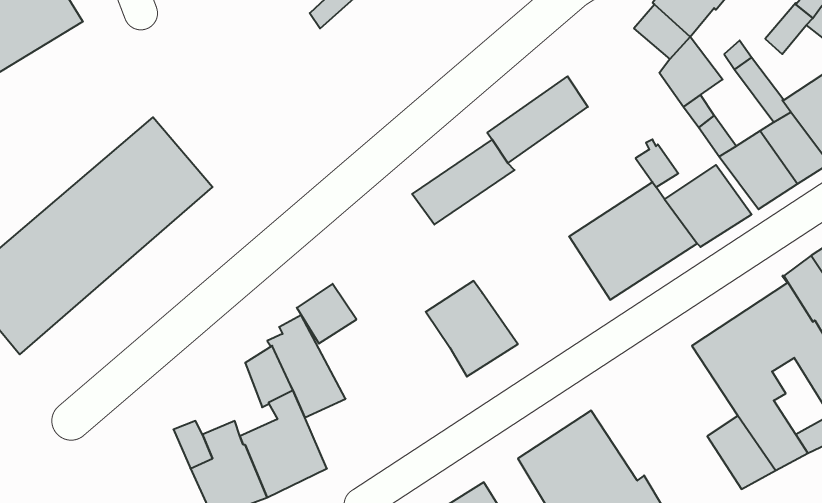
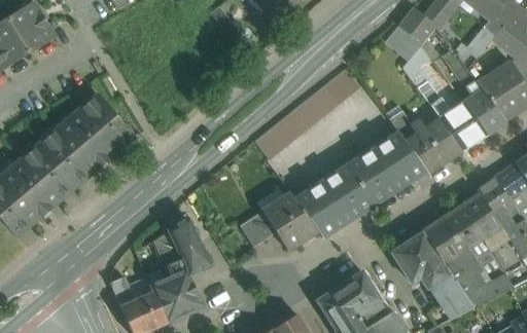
building: none -> [295,165,373,236]
building: [297,284,356,344] -> [240,211,276,247]
building: none -> [391,231,450,288]

